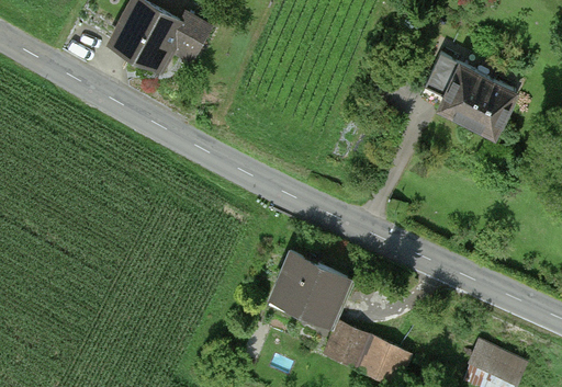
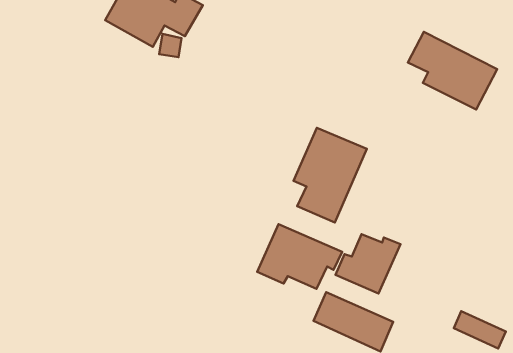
building: none -> [293,128,367,222]
building: none -> [335,234,401,294]

